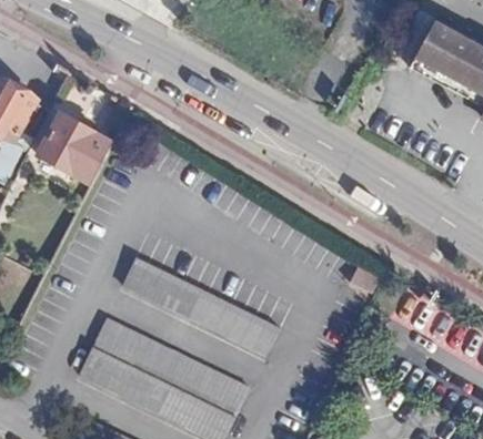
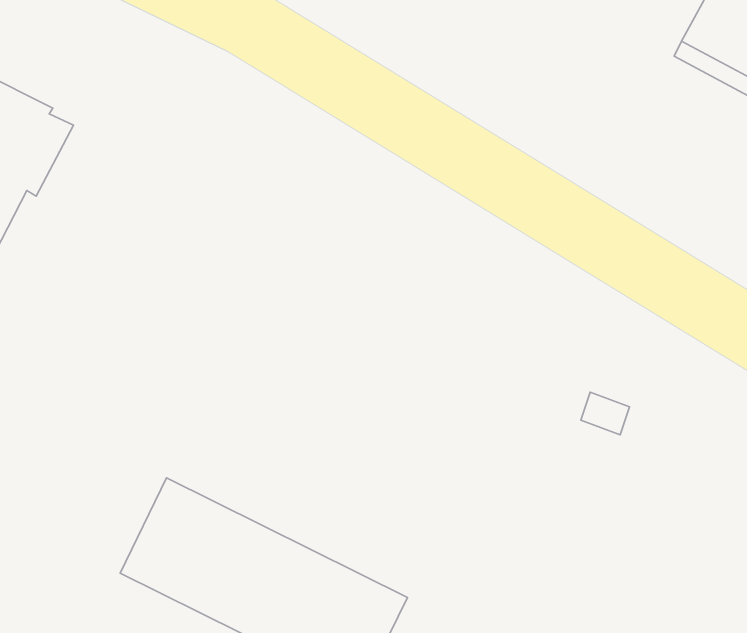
building: [39,113,114,185] -> none
building: [123,257,280,356] -> none

